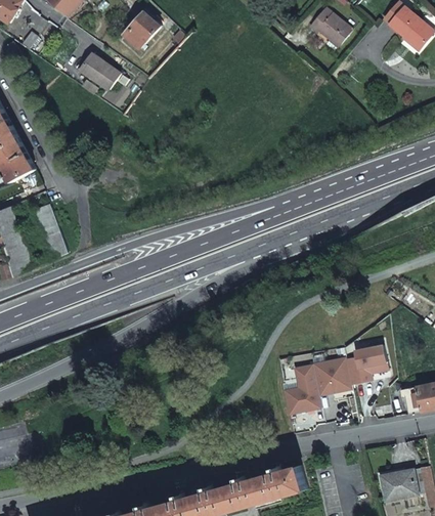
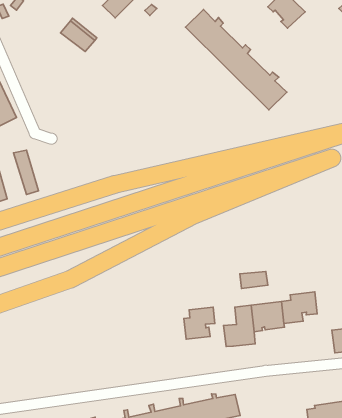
building: none -> [185,10,287,110]
building: none -> [240,271,268,288]
building: none -> [184,307,215,339]

